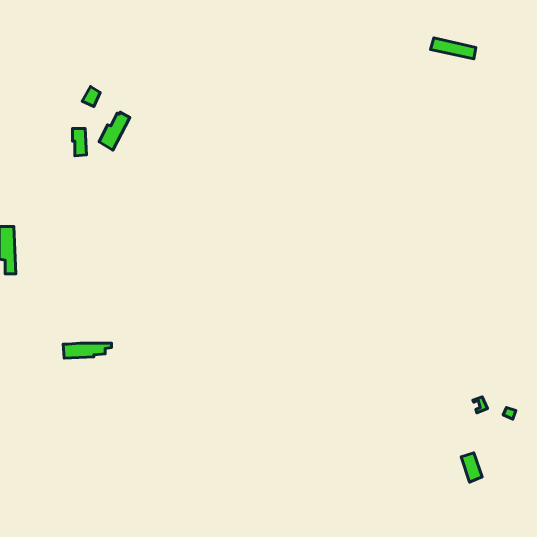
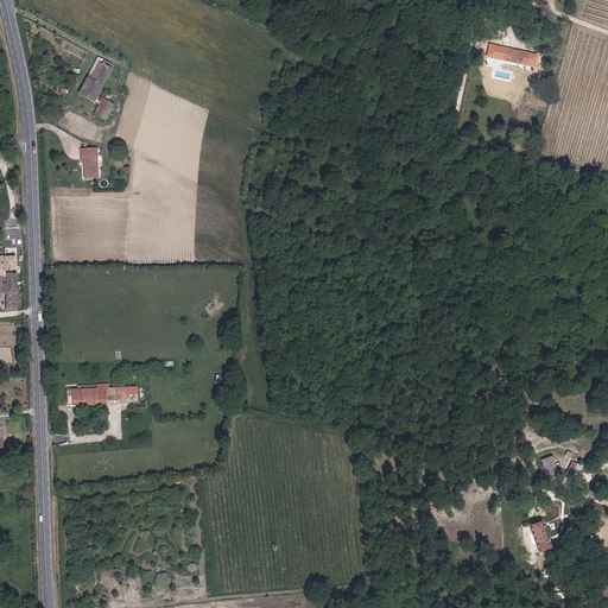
building: [99,112,130,150] -> [77,59,112,102]

